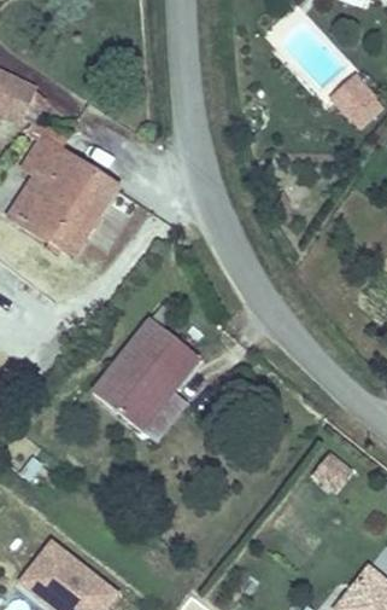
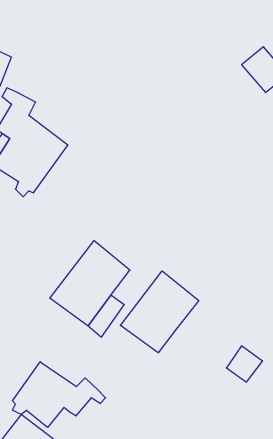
building: none -> [120,271,199,353]
building: none -> [12,362,106,427]

